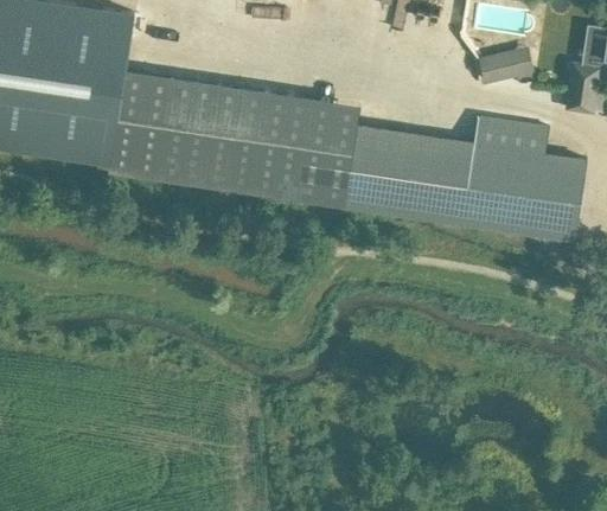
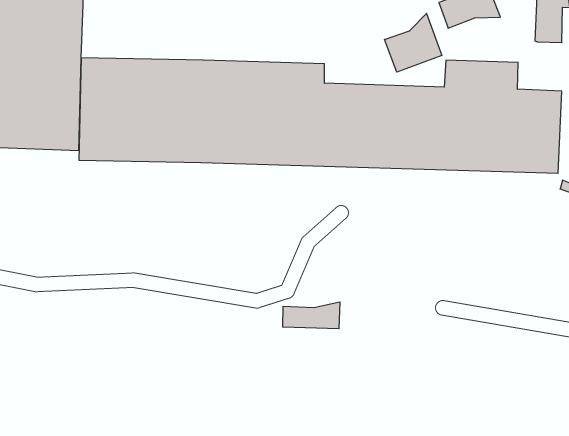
building: none -> [385,13,442,72]
building: none -> [283,302,340,329]

